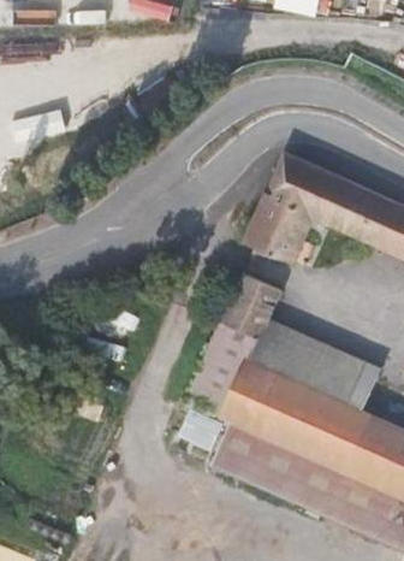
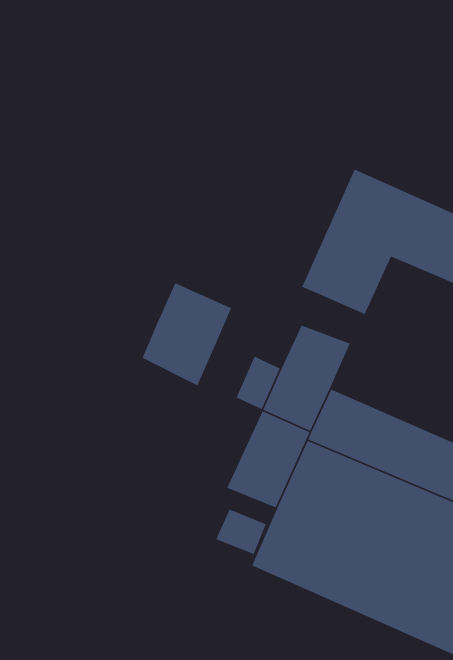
building: none -> [141,282,232,386]

